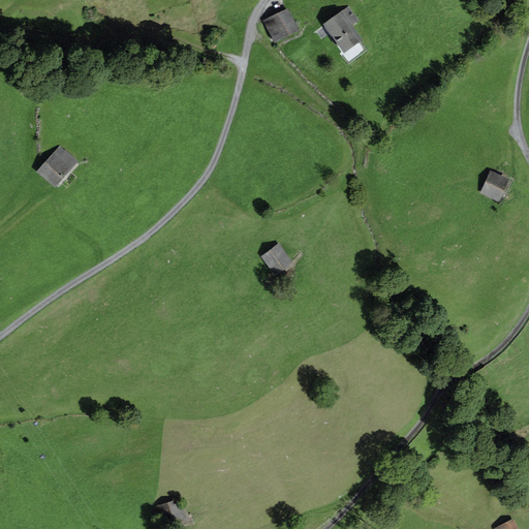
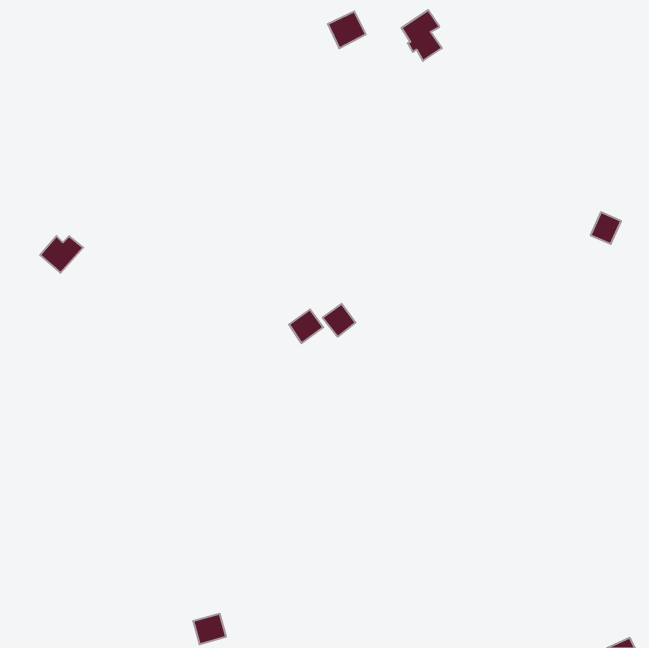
building: [38,154,73,184] -> [40,236,83,273]
building: none -> [289,309,323,343]

